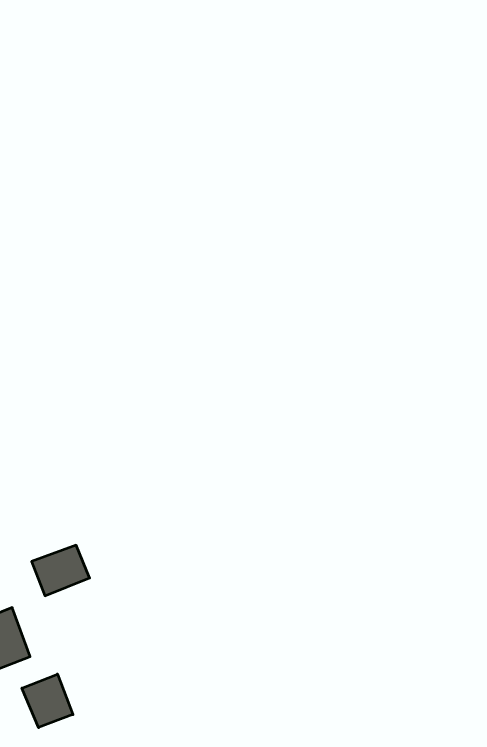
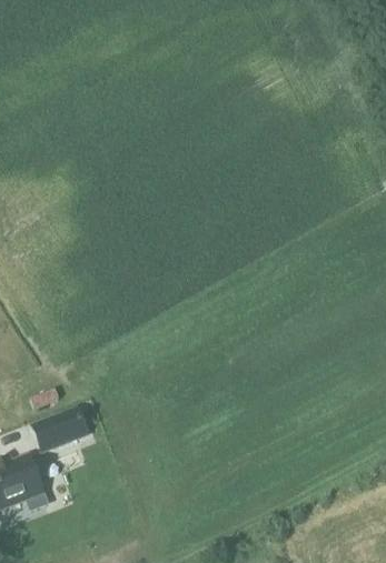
building: [22,674,73,728] -> none

